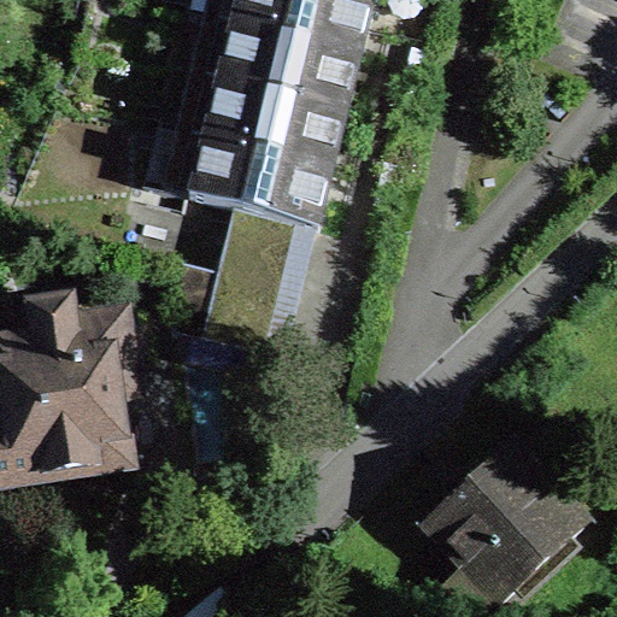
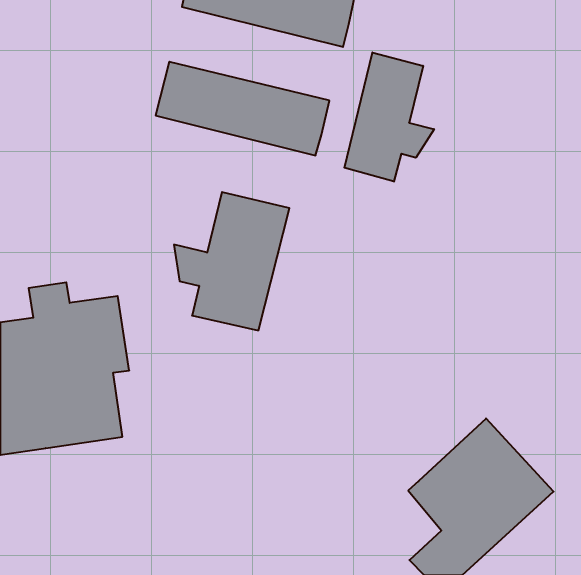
building: [182,7,365,106] -> none
building: none -> [344,52,434,182]
building: [153,122,336,223] -> none

